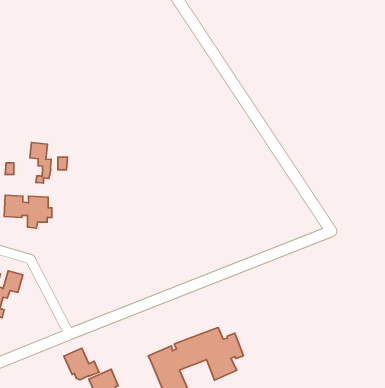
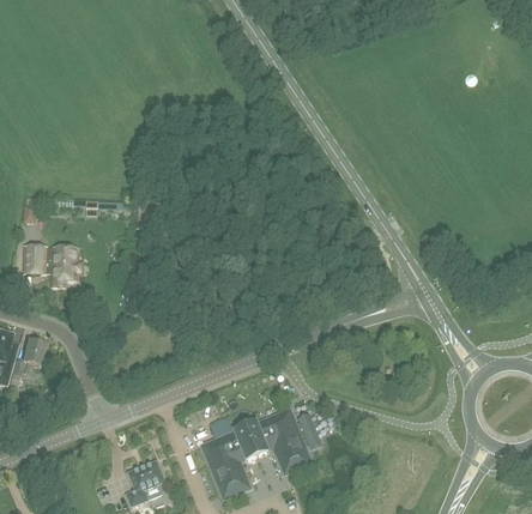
building: [30,143,51,183] -> none
building: [64,348,99,380] -> none

